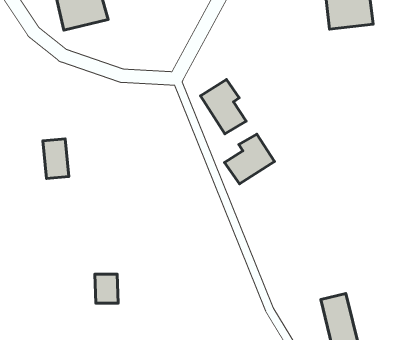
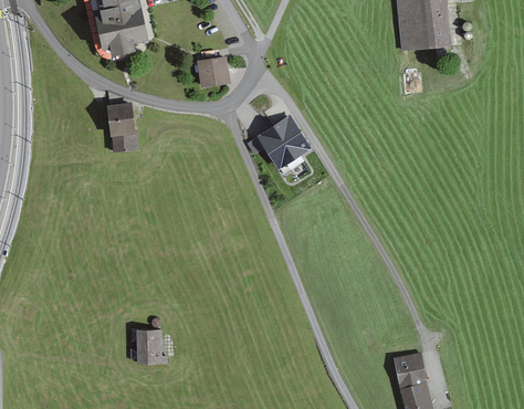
building: none -> [196,55,229,87]
building: [225,134,275,184] -> none
building: [43,139,69,179] -> [107,105,137,150]

